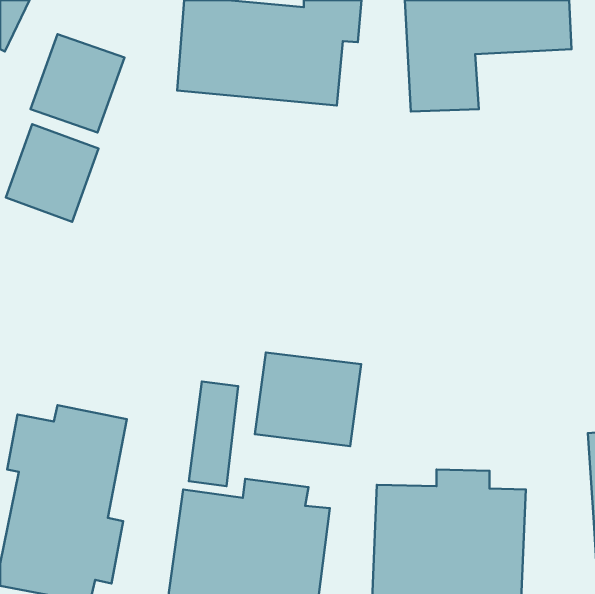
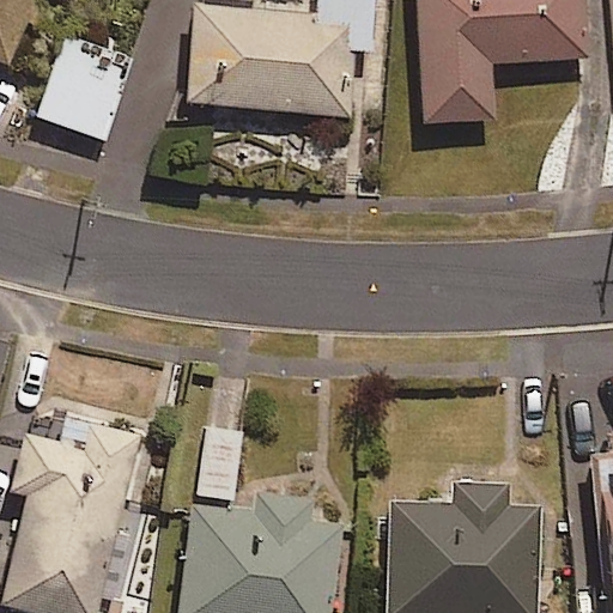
building: [6,124,98,222] -> none
building: [255,352,361,446] -> none

